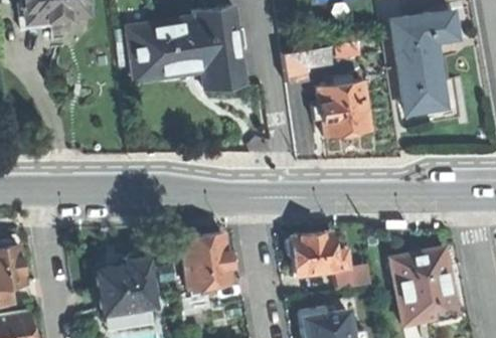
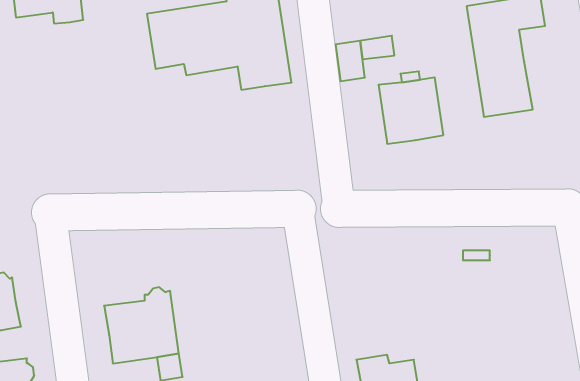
building: [288,232,351,276] -> none
building: [183,234,232,298] -> none
building: [392,247,459,325] -> none

